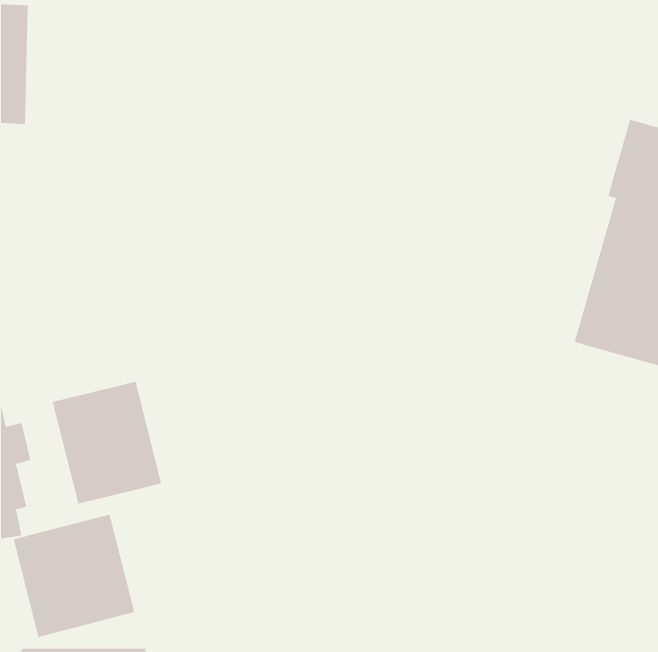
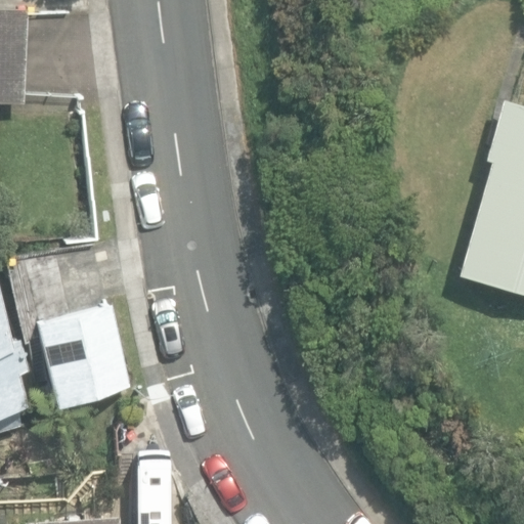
building: [13,514,135,638] -> none

